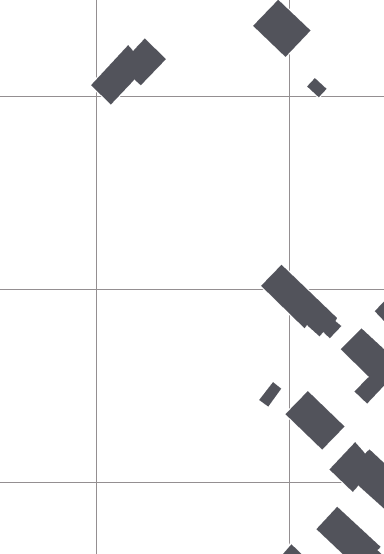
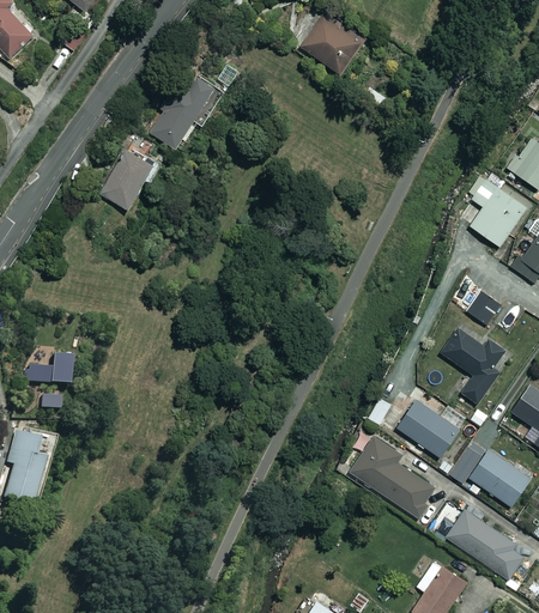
building: none -> [99,151,156,208]
building: [260,264,342,339] -> none
building: none -> [349,435,435,516]

